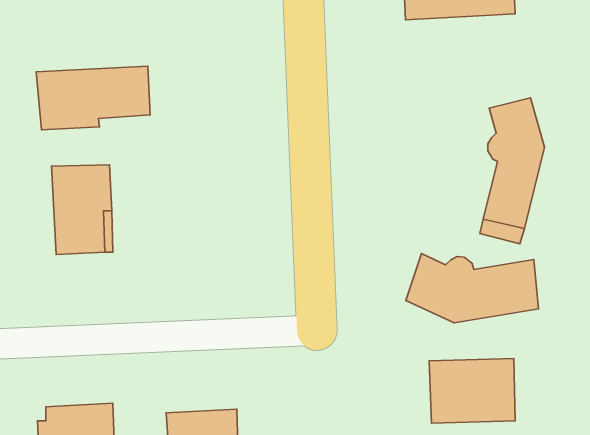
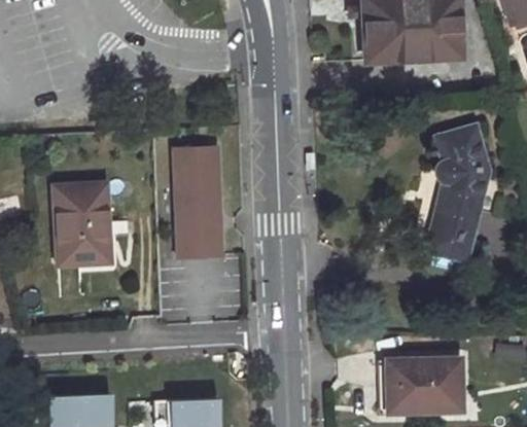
building: [36,66,150,130] -> none
building: none -> [180,144,230,253]
building: [406,254,539,323] -> none

